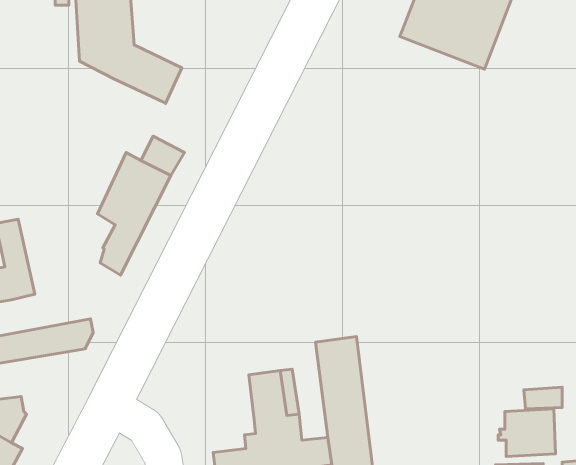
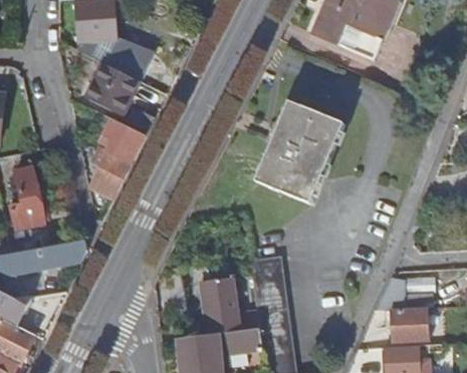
building: none -> [85,64,139,116]
building: none -> [256,99,345,203]

